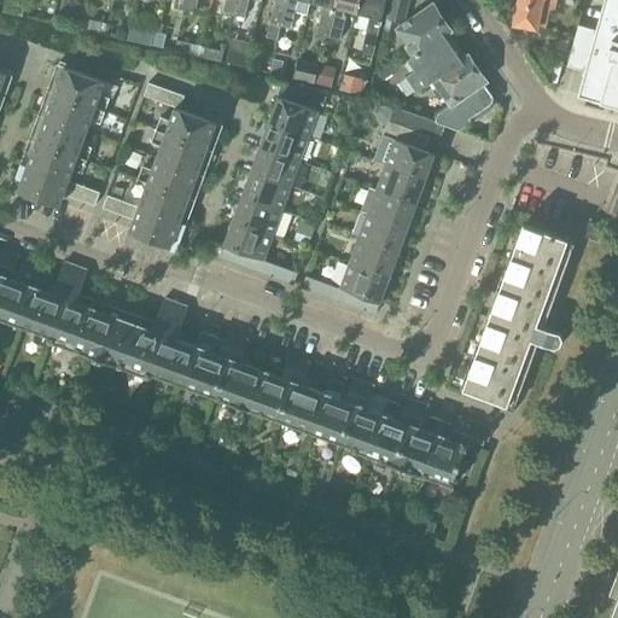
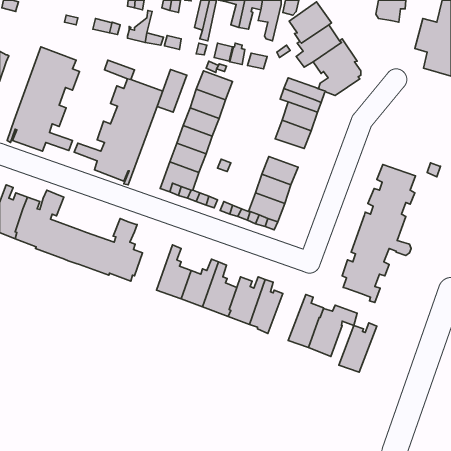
building: none -> [157,70,187,112]
building: [367,191,415,229] -> none
building: [179,332,235,397] -> none
building: [366,398,418,466] -> [339,323,377,372]

